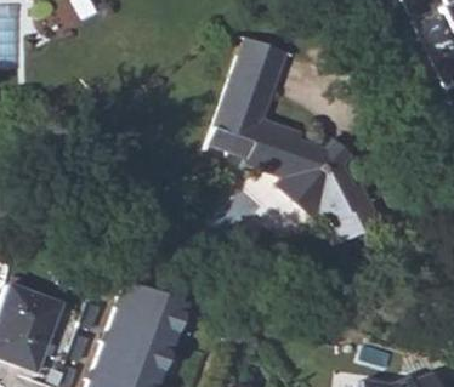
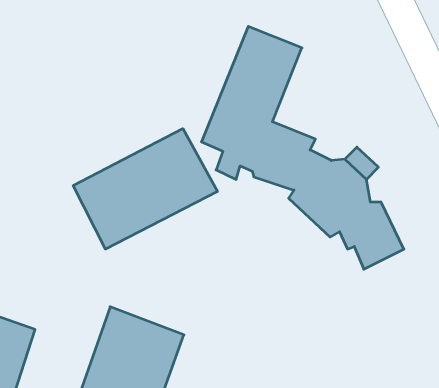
building: none -> [73,129,217,249]

